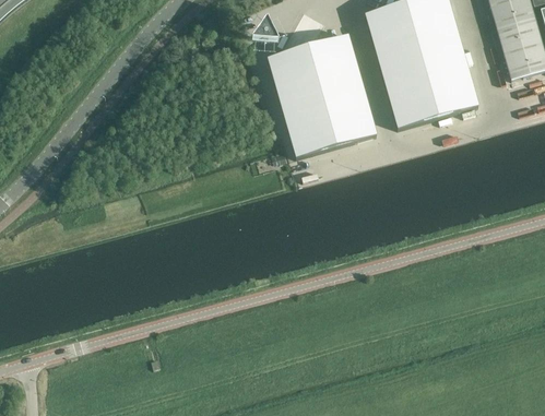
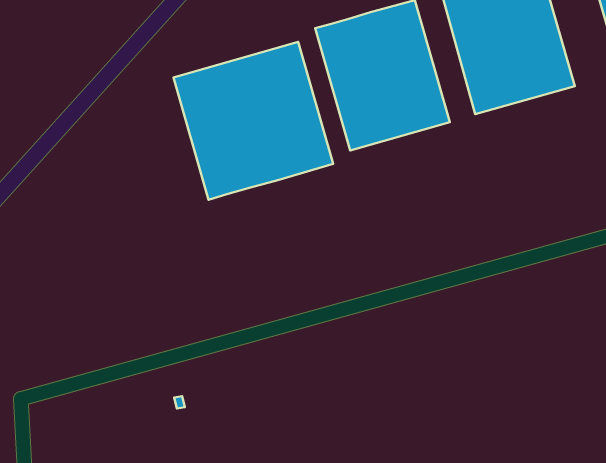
building: none -> [174,42,333,200]

